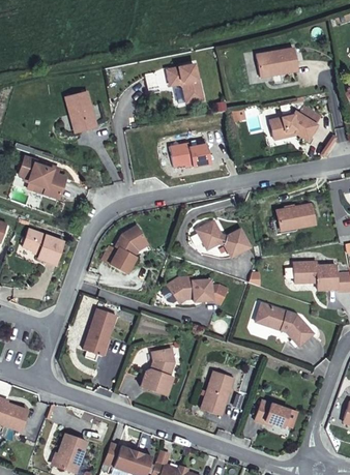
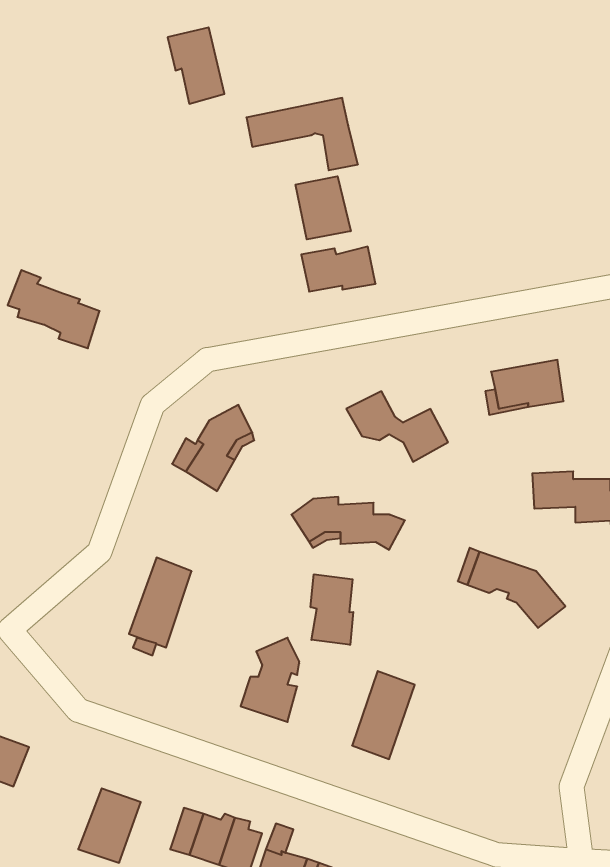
building: [256,49,297,79] -> none
building: [64,91,94,131] -> [168,27,224,104]
building: none -> [296,176,351,239]
building: [268,110,317,143] -> none
building: [24,230,63,263] -> none
building: none -> [311,574,353,645]
building: [256,400,289,428] -> none

